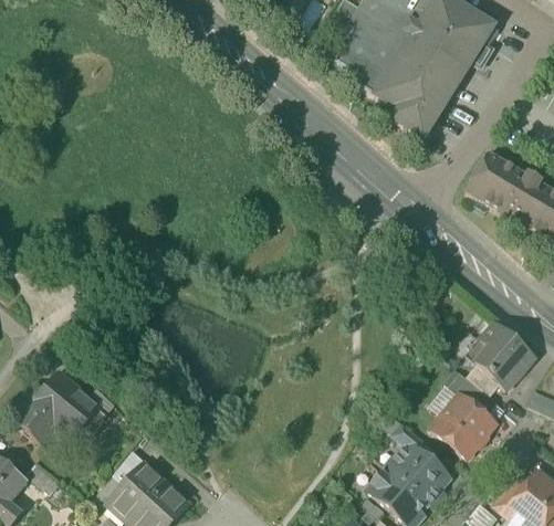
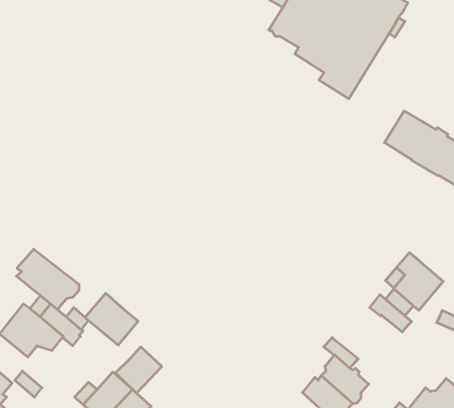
building: none -> [16,249,79,310]
building: none -> [85,293,138,345]
building: [431,395,495,457] -> none
building: none -> [116,347,162,393]

